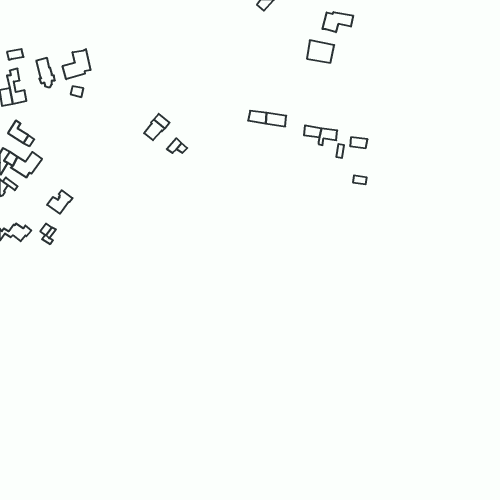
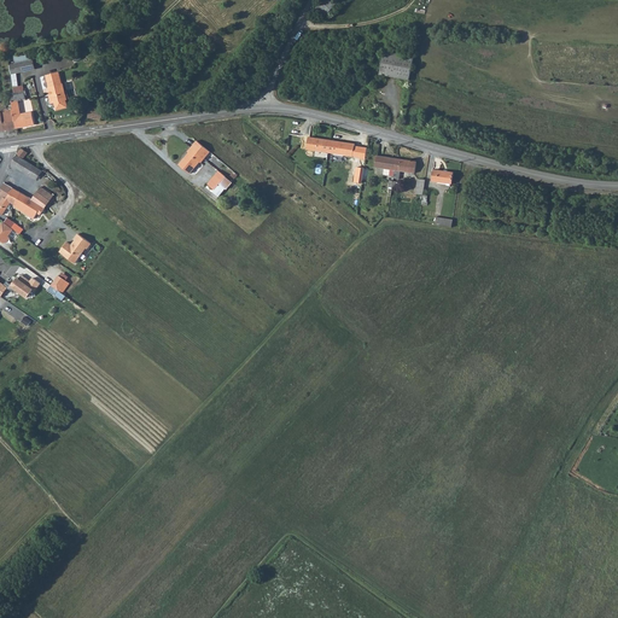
building: [322,12,353,32] -> none
building: [63,49,91,79] -> none

